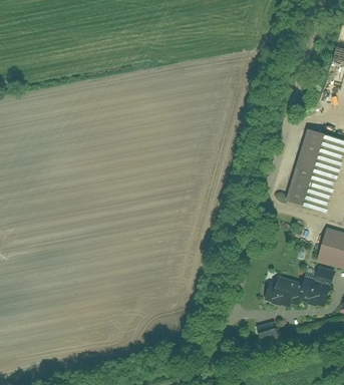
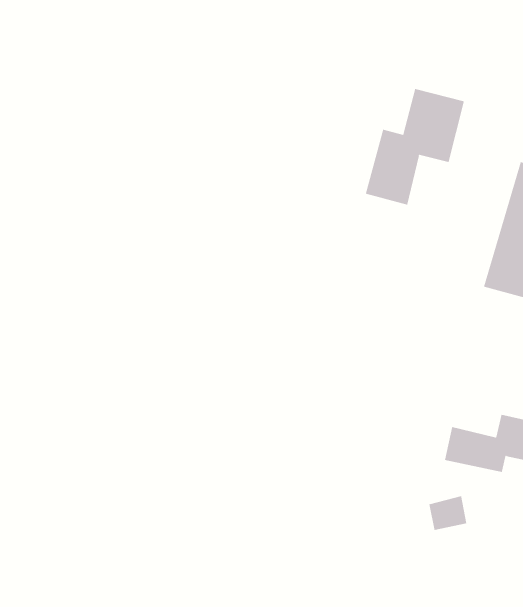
building: none -> [365,88,464,206]

